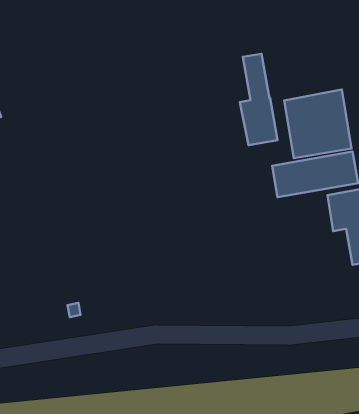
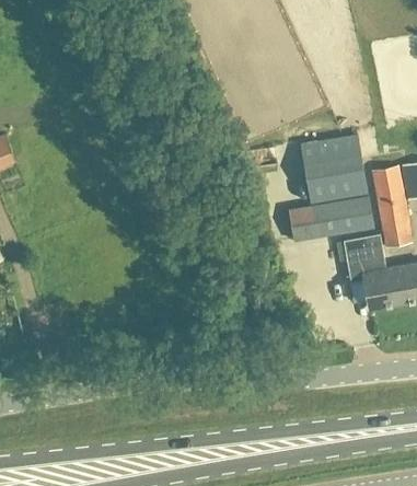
building: [240,54,277,145] -> none

